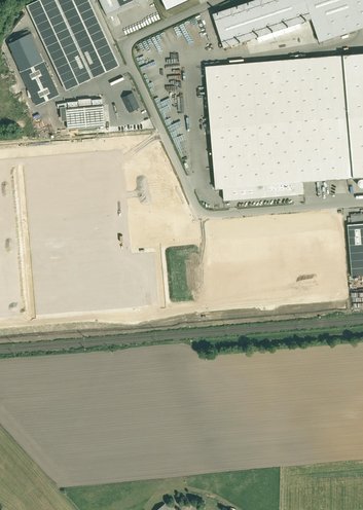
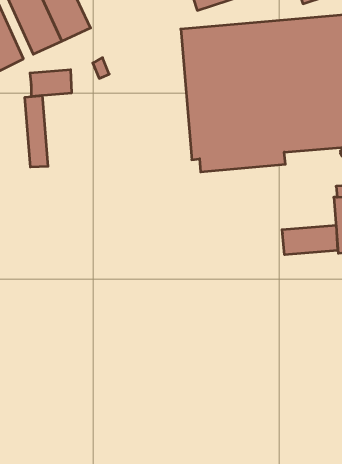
building: none -> [25,95,48,167]
building: none -> [282,225,337,255]

